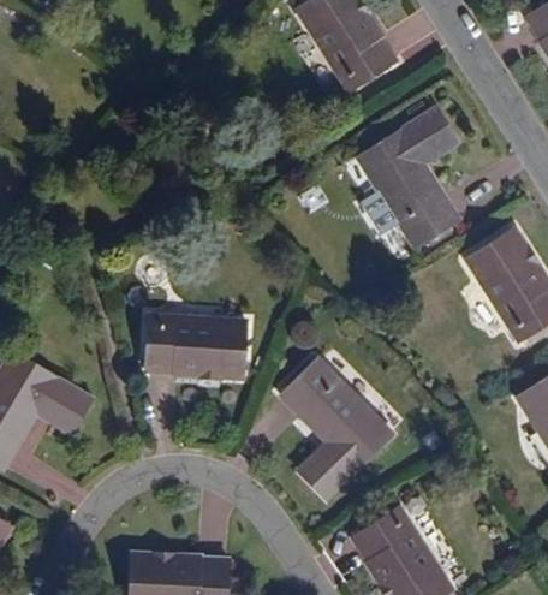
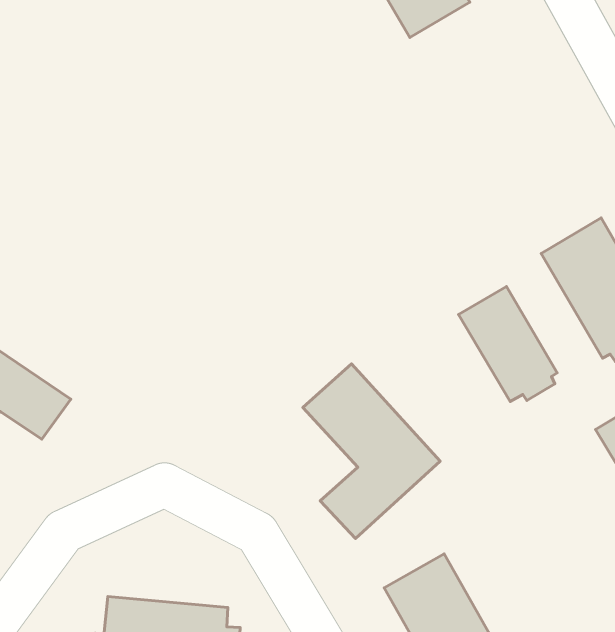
building: [357,107,458,246] -> none
building: none -> [458,286,557,401]
building: [144,314,246,376] -> none

